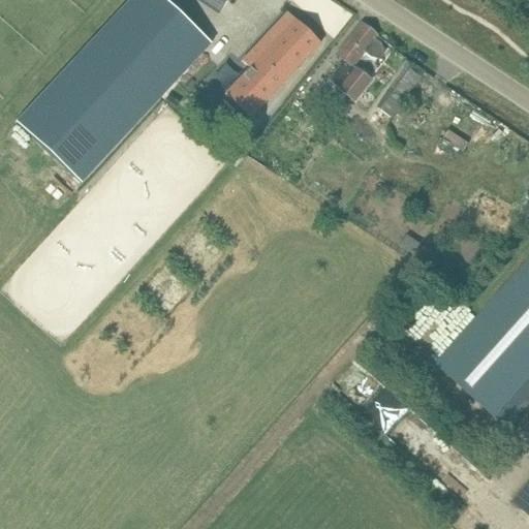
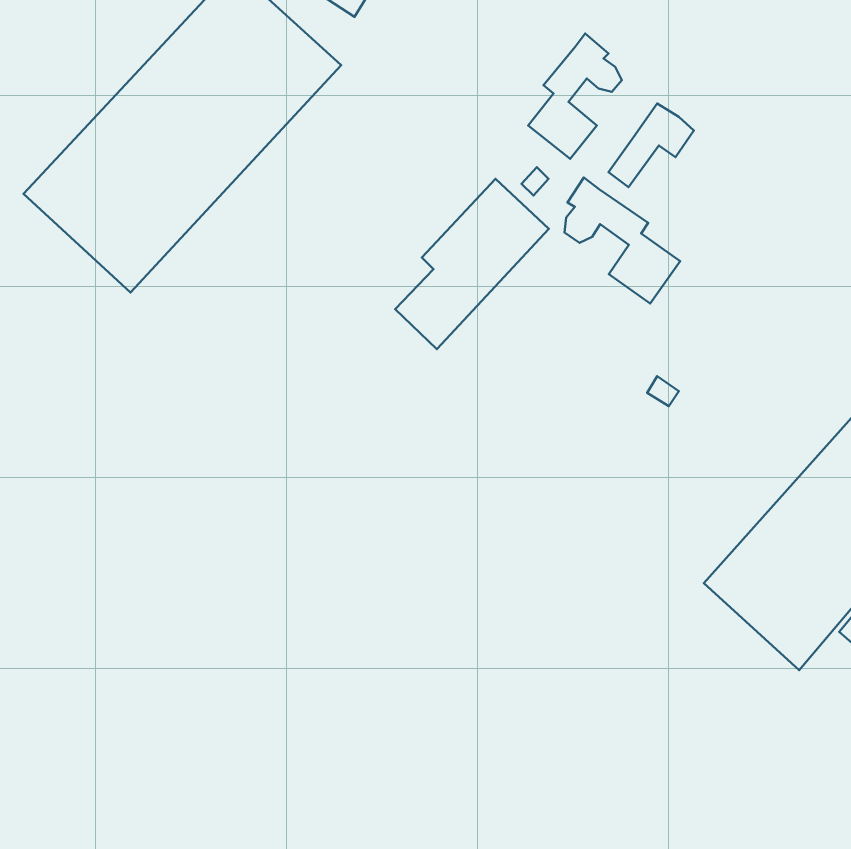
building: [226,9,321,115] -> [395,179,549,349]
building: none -> [565,178,680,303]

